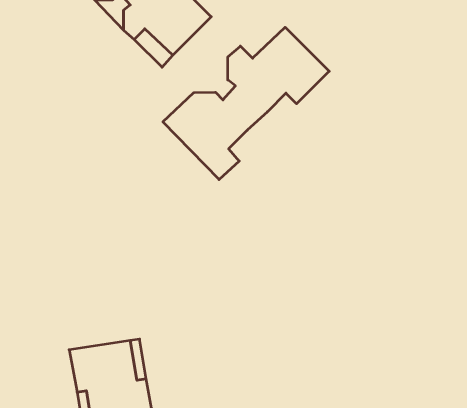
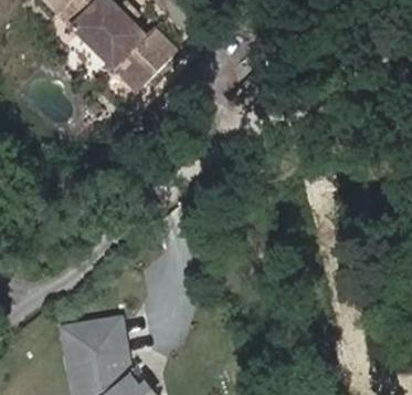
building: [163,27,329,180] -> none

